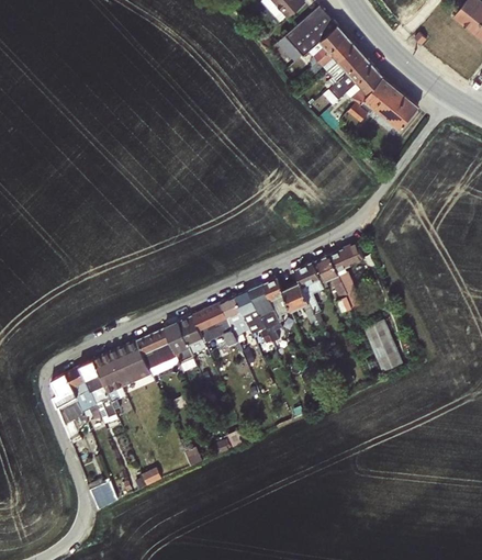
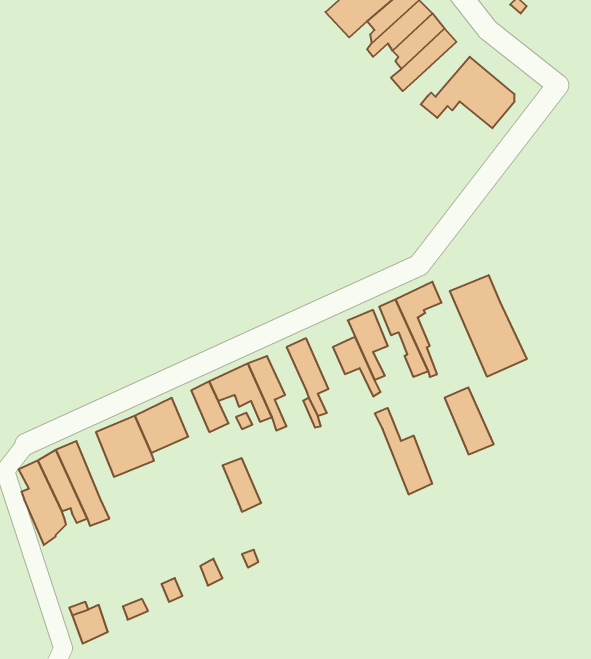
building: [345,66,383,107] -> none
building: none -> [450,275,527,377]
building: [262,279,291,322] -> none
building: [234,291,262,329] -> none
building: [164,323,192,362] -> [222,458,261,512]
building: none -> [375,408,432,495]
building: [93,354,125,403] -> none

